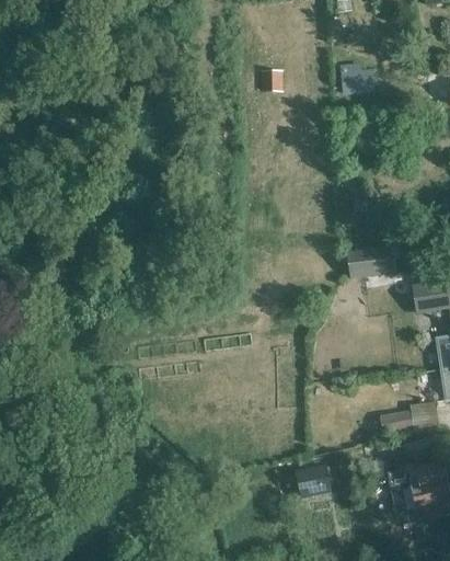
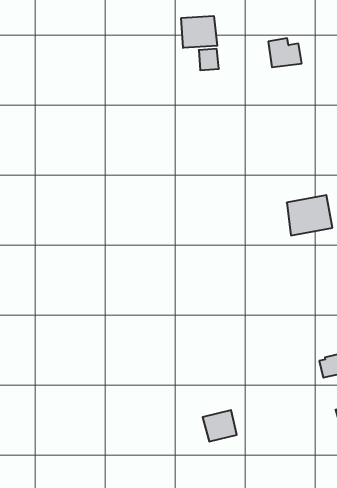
building: none -> [181,16,217,48]
building: [295,465,331,497] -> [203,410,237,442]

